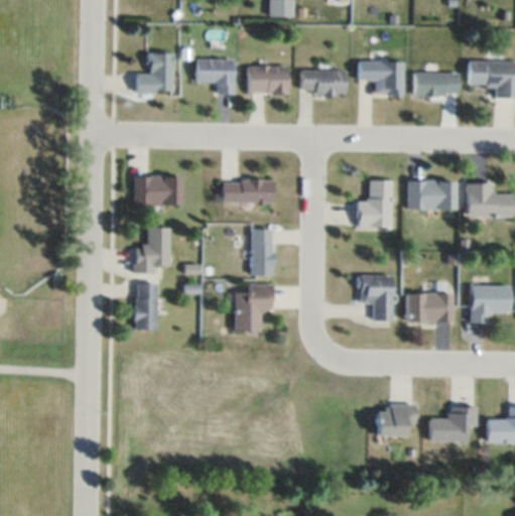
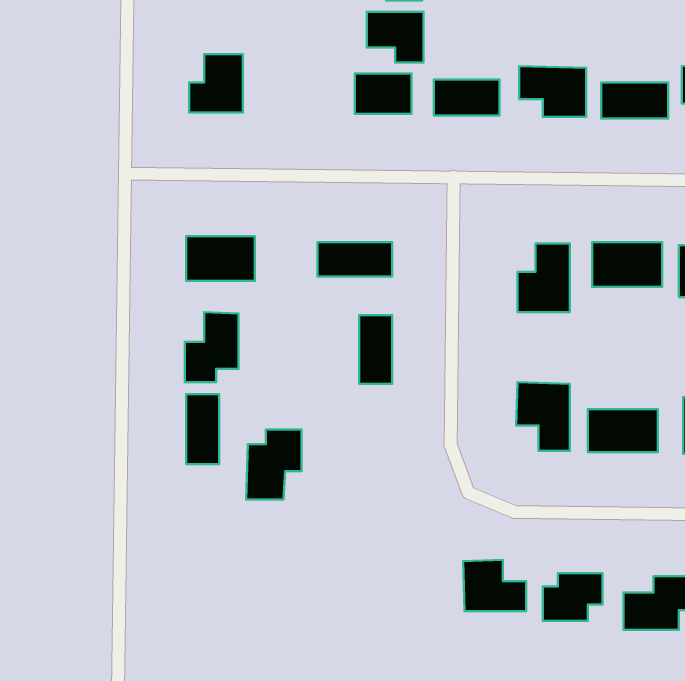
building: [196,58,234,93] -> [367,12,423,62]
building: [235,283,272,331] -> [246,429,302,499]
building: none -> [463,560,526,611]

